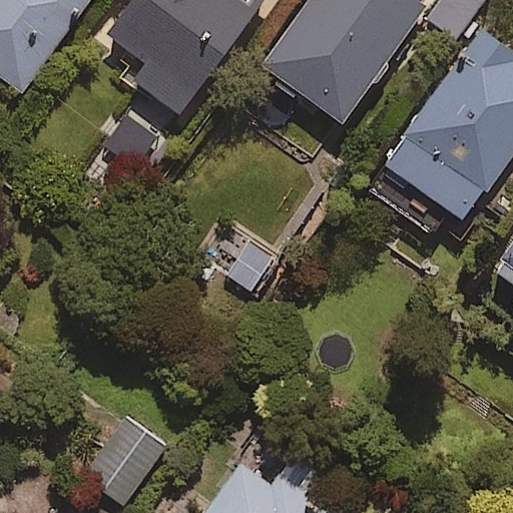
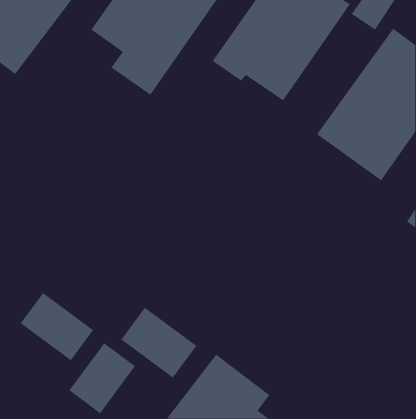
building: none -> [20,292,94,361]
building: none -> [120,307,197,379]

